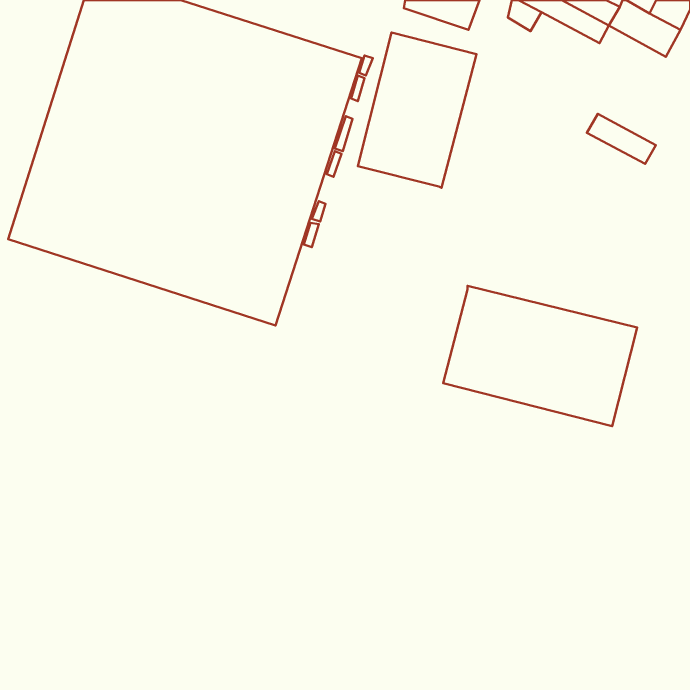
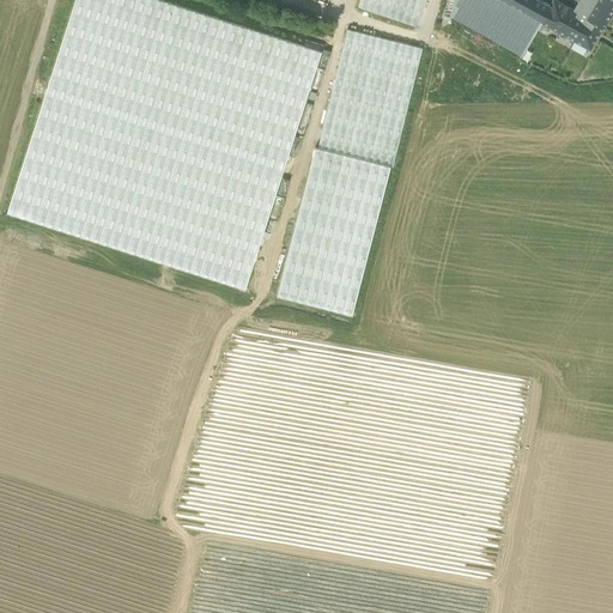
building: [587,114,656,164] -> [471,11,532,55]
building: none -> [277,147,389,314]
building: [443,286,637,426] -> none

